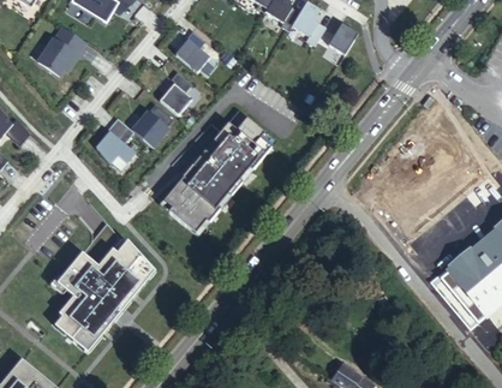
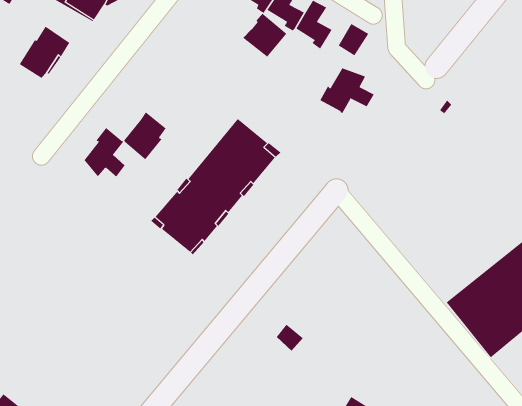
building: [174,30,215,71] -> [242,13,287,58]
building: none -> [319,67,374,114]
building: [160,70,192,114] -> none
building: [54,239,151,348] -> none

